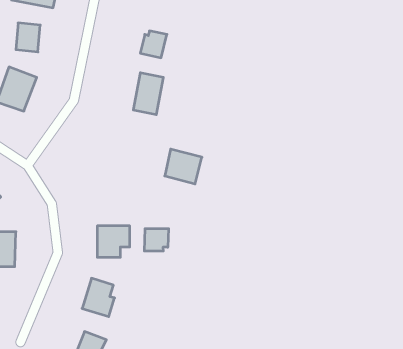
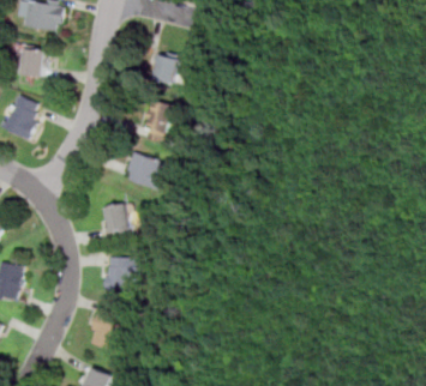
building: [165,149,202,184] -> [124,152,162,188]
building: none -> [100,204,128,235]
building: [144,229,169,251] -> none

